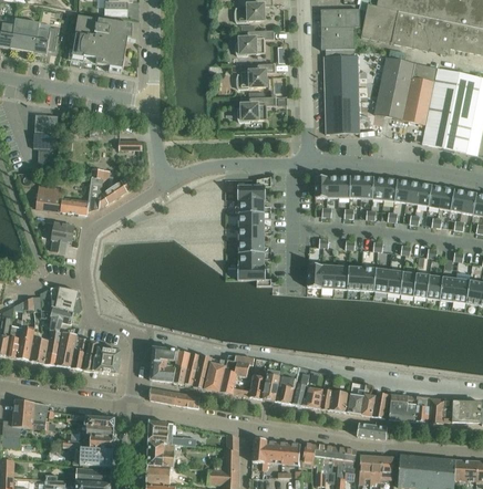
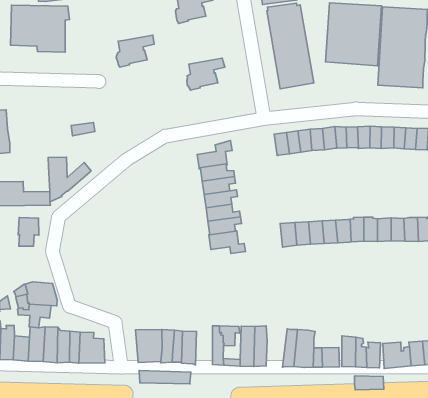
building: [236,63,275,90] -> [116,35,154,67]
building: [206,357,227,392] -> none
building: [275,362,300,404] -> none

